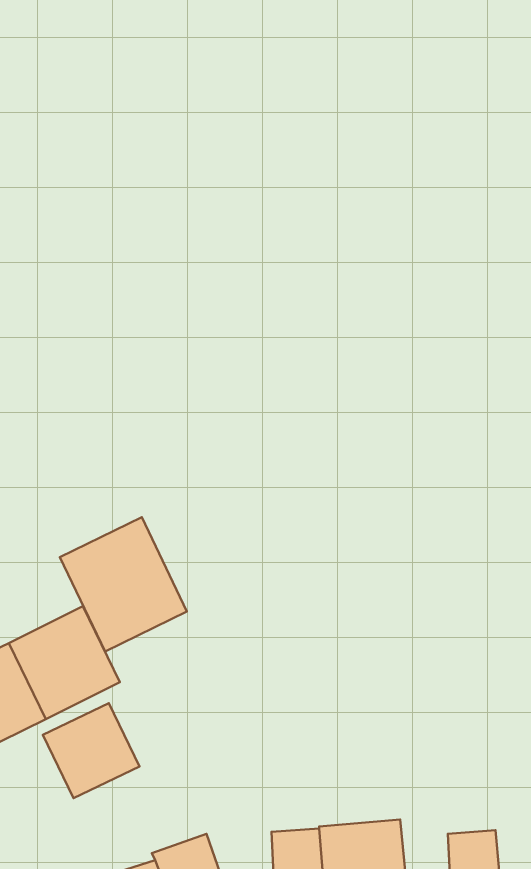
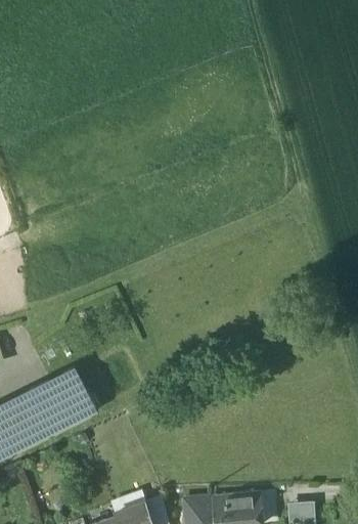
building: [60,517,187,652] -> none
building: [43,703,140,798] -> none

